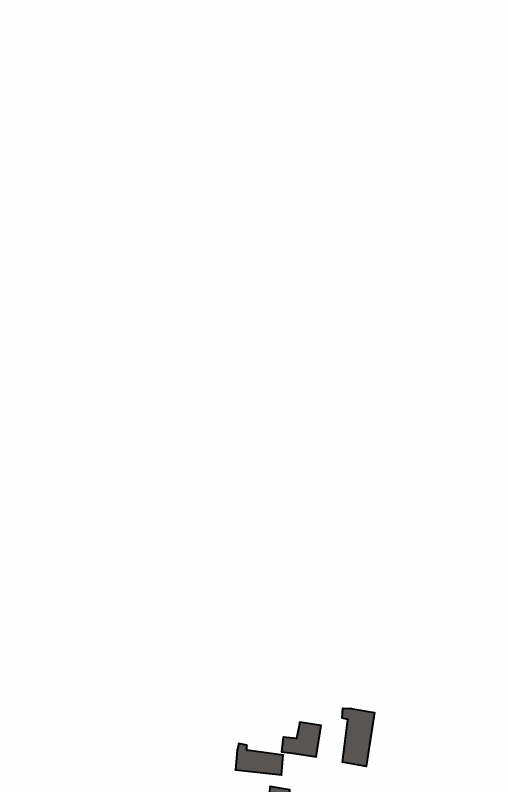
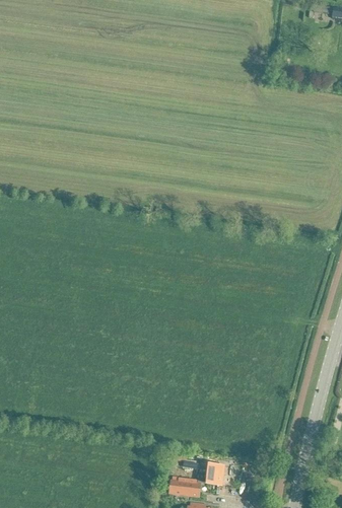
building: [342,708,375,766] -> none

